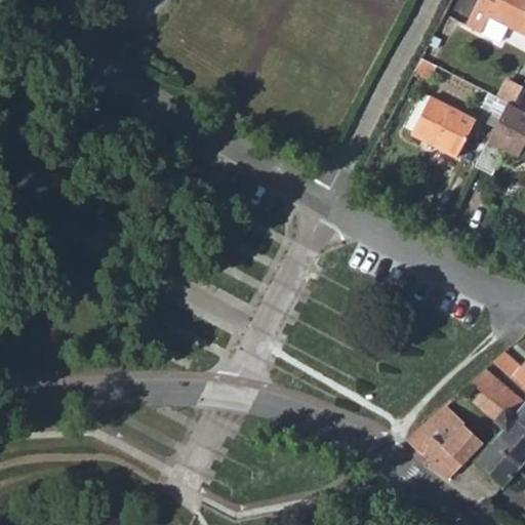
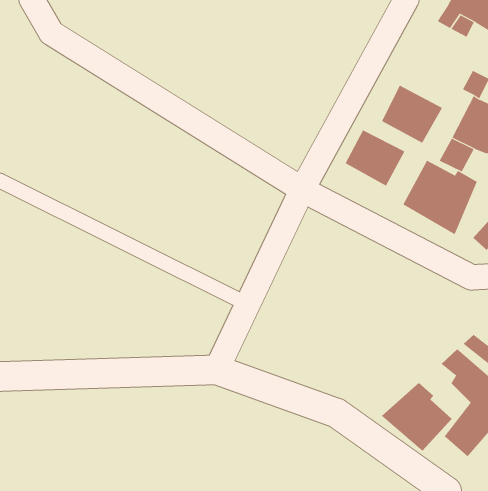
building: none -> [345,130,405,187]
building: none -> [403,160,478,235]

